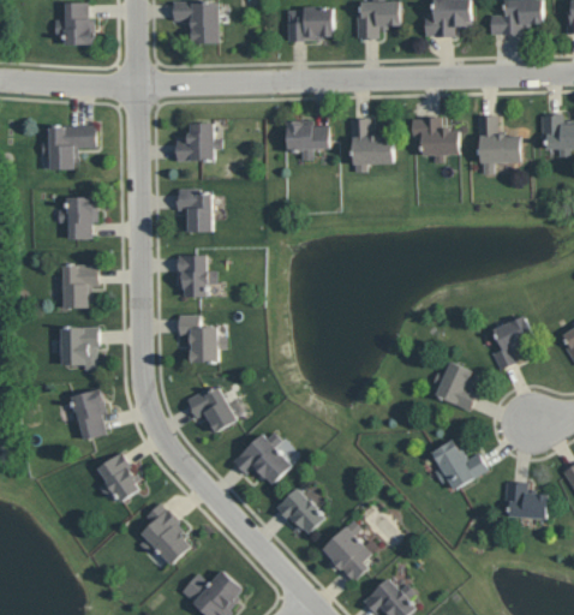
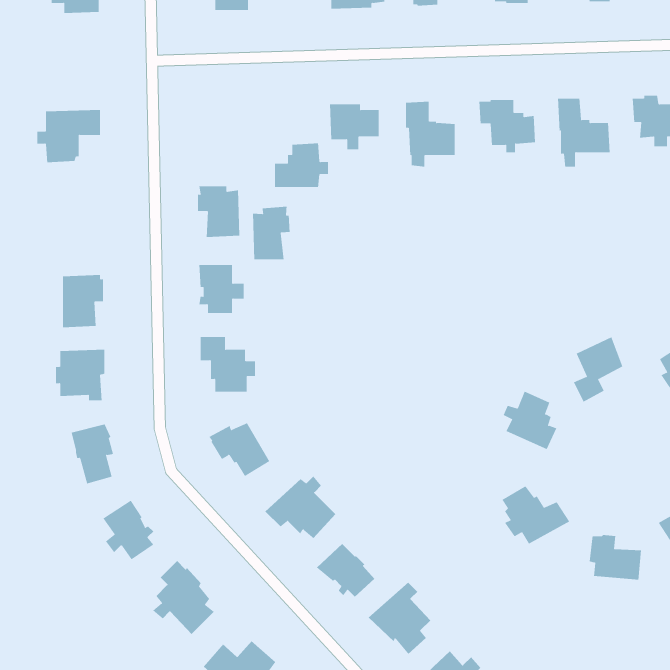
building: [175,123,221,160] -> [274,143,329,187]
building: [56,196,97,238] -> none
building: none -> [252,206,290,260]

